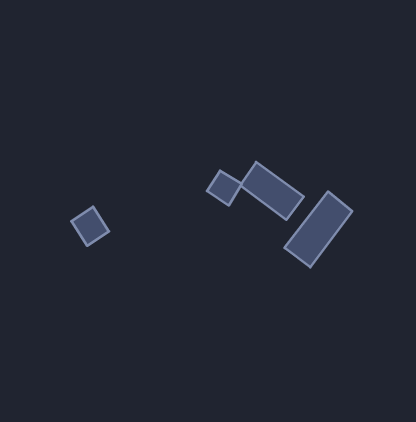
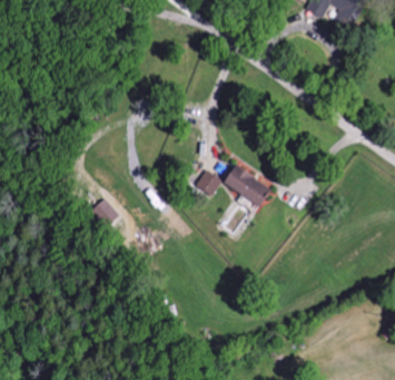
building: [285,192,352,267] -> none

